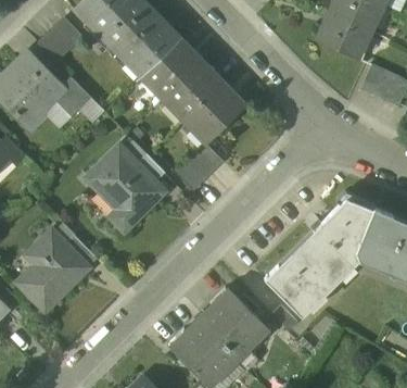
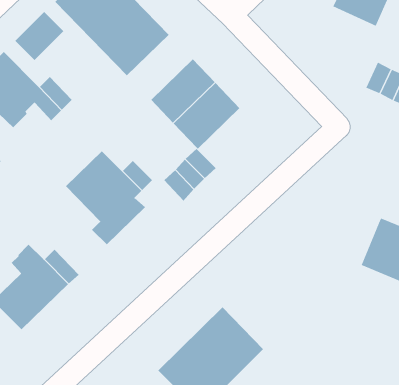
building: [318,13,370,59] -> none
building: [141,39,202,99] -> none
building: [265,198,373,316] -> none

